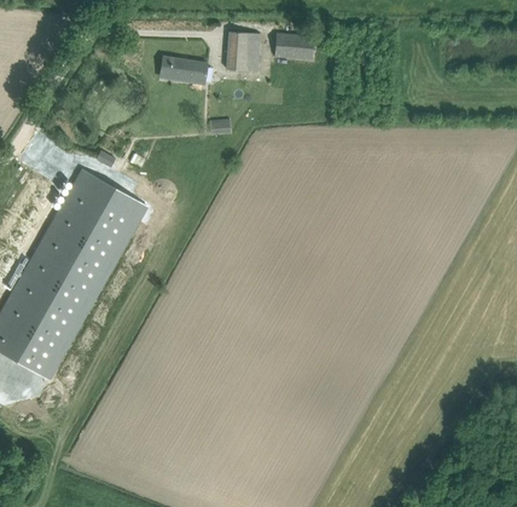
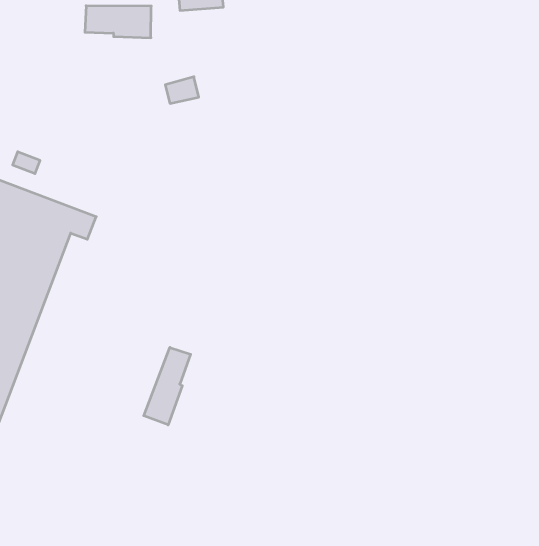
building: none -> [144,347,191,425]

